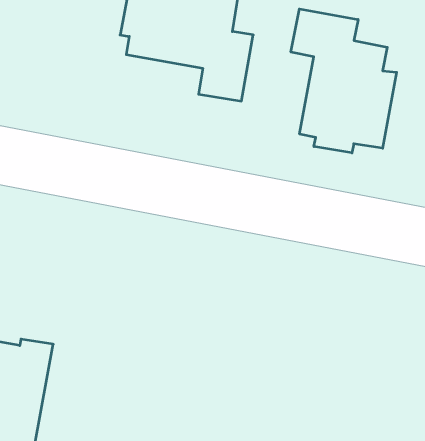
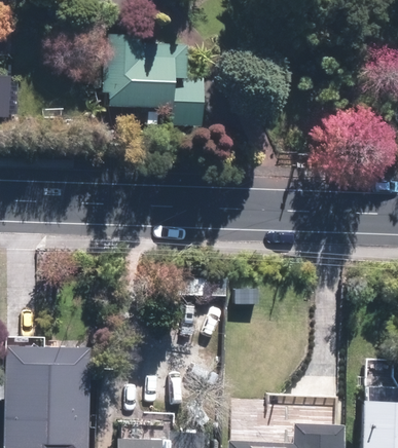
building: [291,9,397,153] -> none

